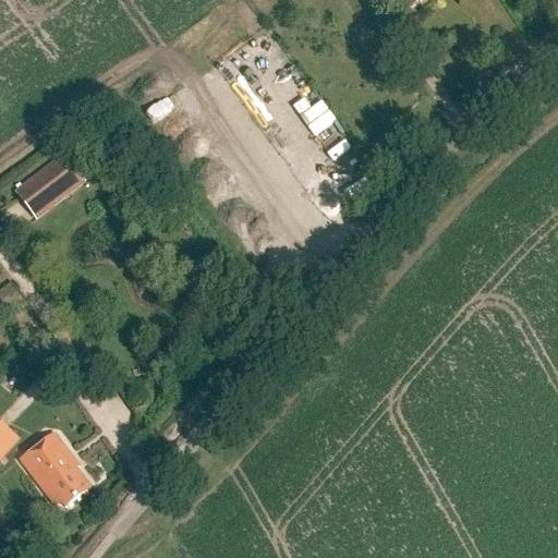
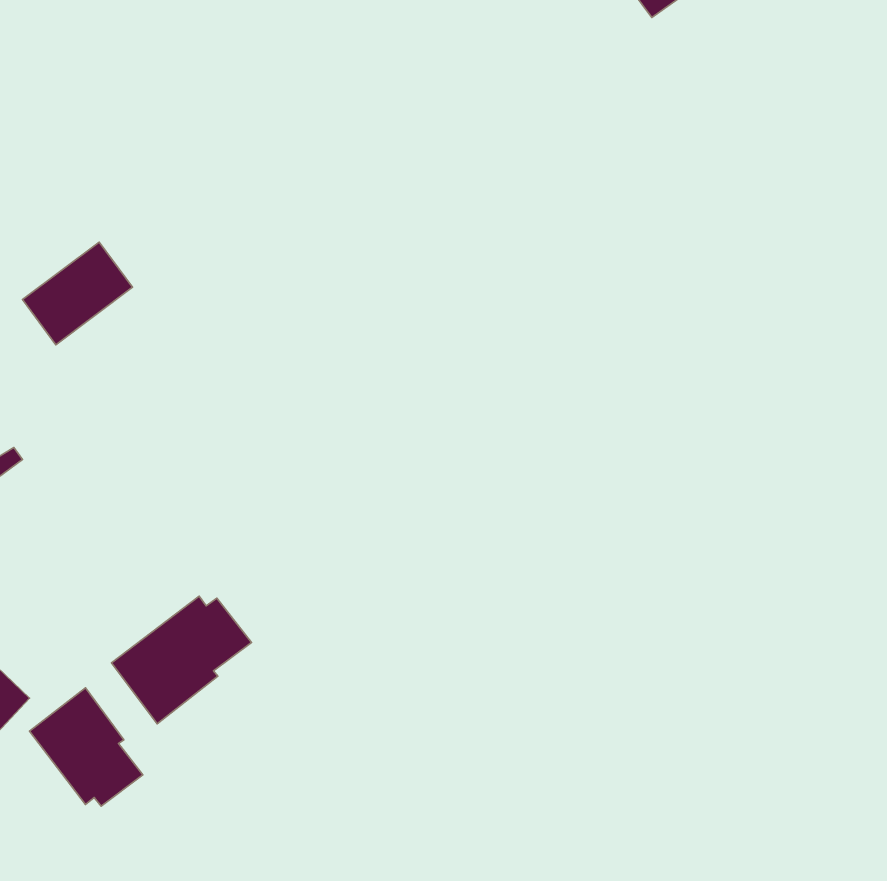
building: none -> [112,596,252,724]

